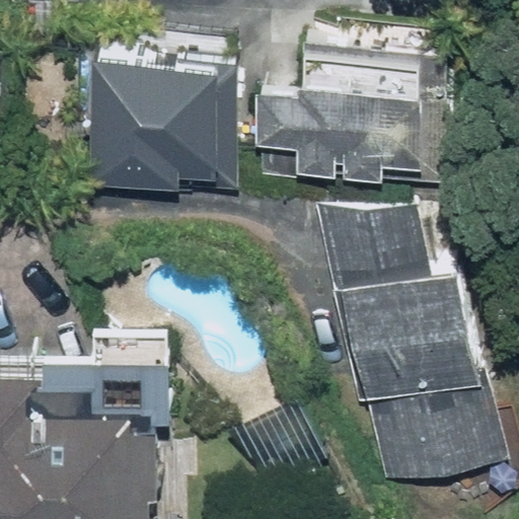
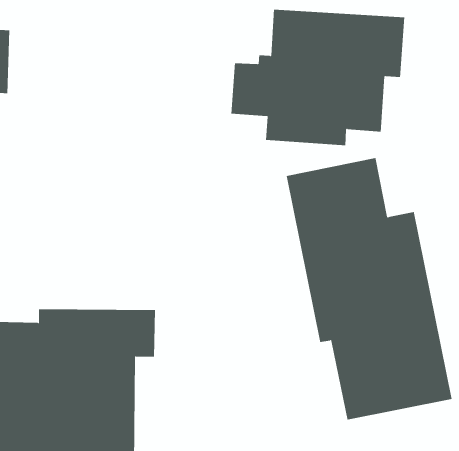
building: [89,48,223,181] -> none

